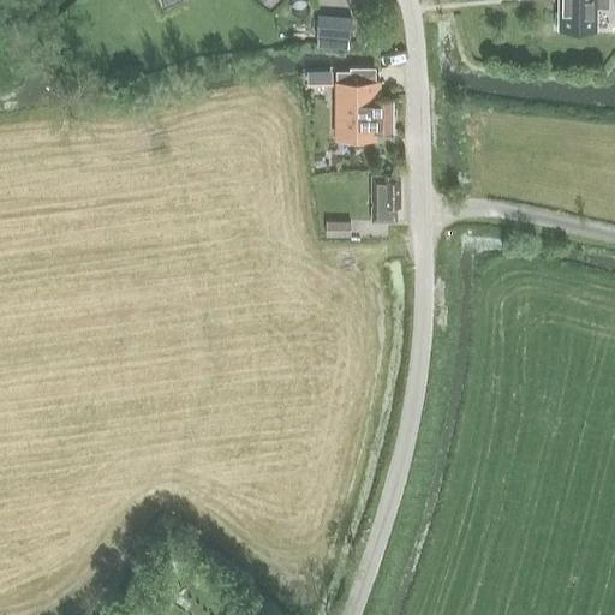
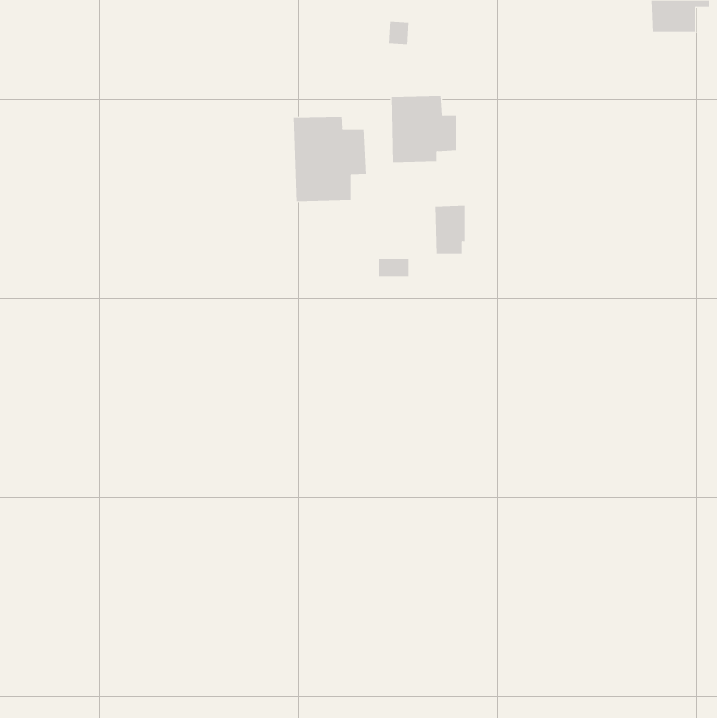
building: none -> [293,116,367,202]

